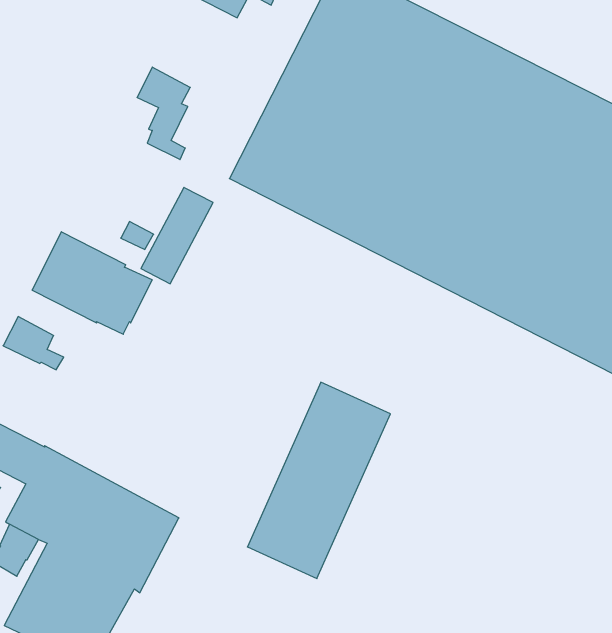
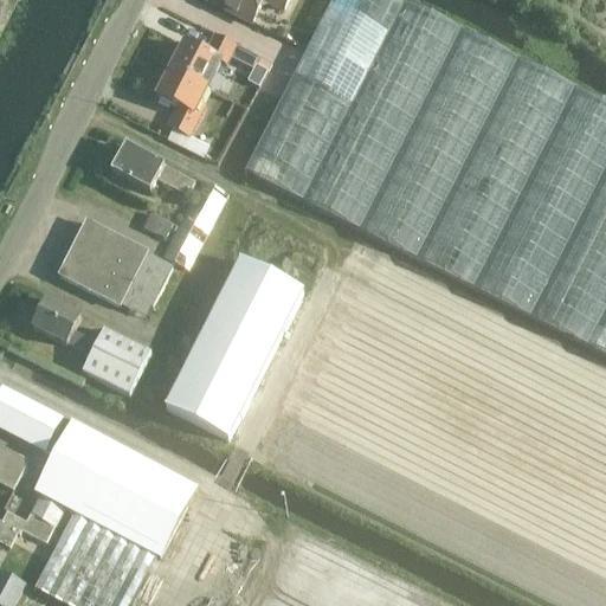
building: none -> [172,30,258,83]
building: none -> [112,142,194,192]
building: none -> [82,325,150,391]
building: [247,382,390,579] -> [168,252,302,436]

